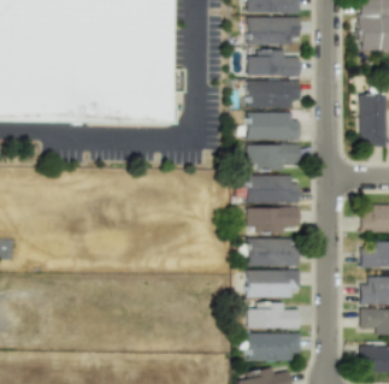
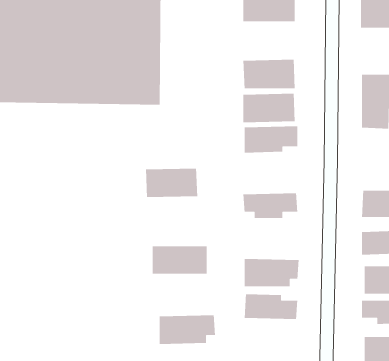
building: [249,49,301,76] -> none
building: [248,175,299,203] -> [145,168,198,198]
building: [248,238,301,266] -> [152,245,207,274]
building: [248,332,302,361] -> [159,315,216,345]

